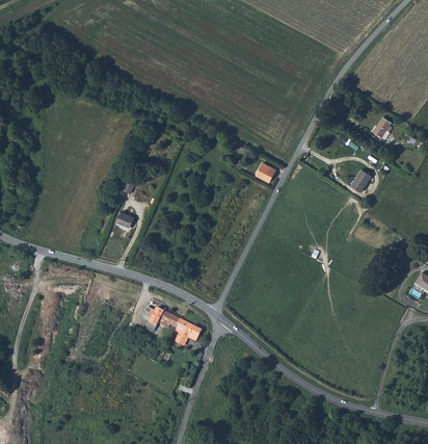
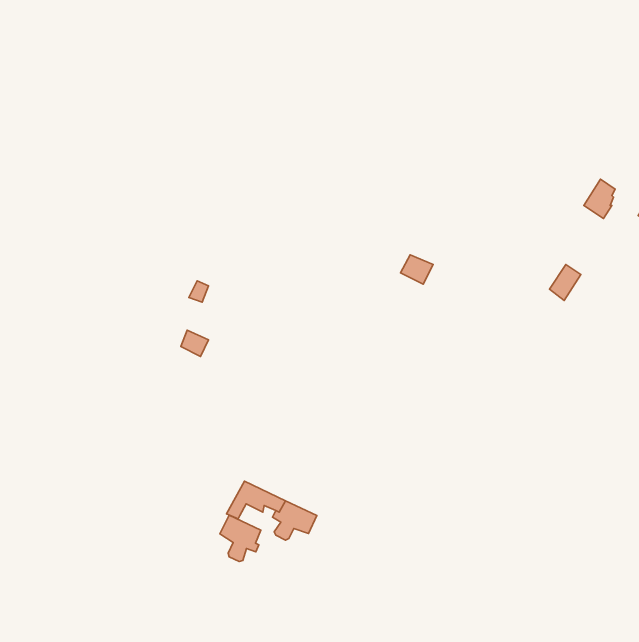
building: none -> [220,515,261,561]

